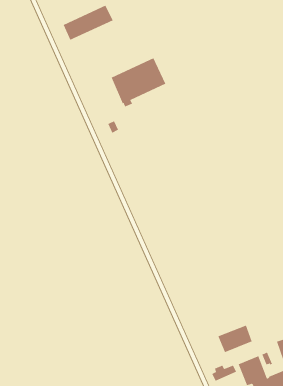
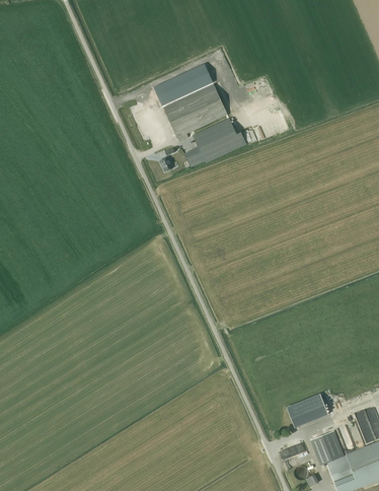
building: [63,5,114,41] -> [154,64,213,106]
building: none -> [184,118,246,166]

